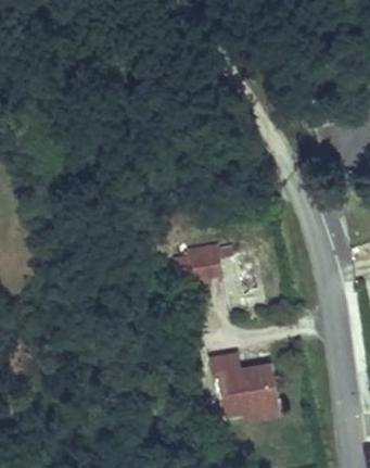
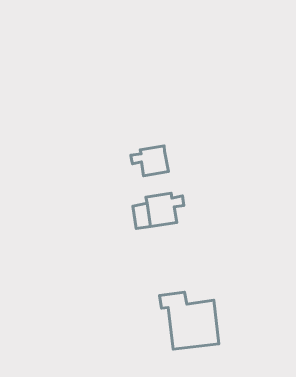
building: none -> [131,146,168,176]

